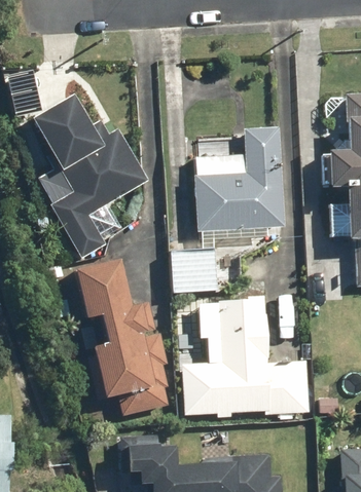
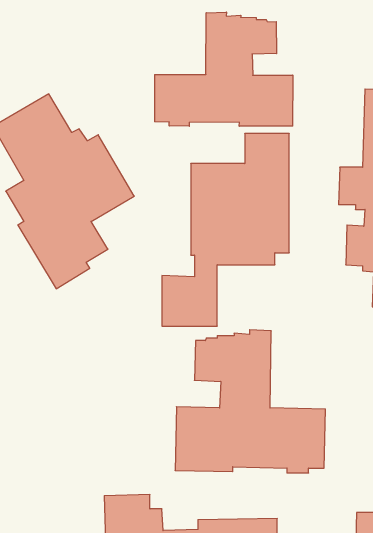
building: none -> [155,12,293,126]
building: [69,258,175,420] -> none

